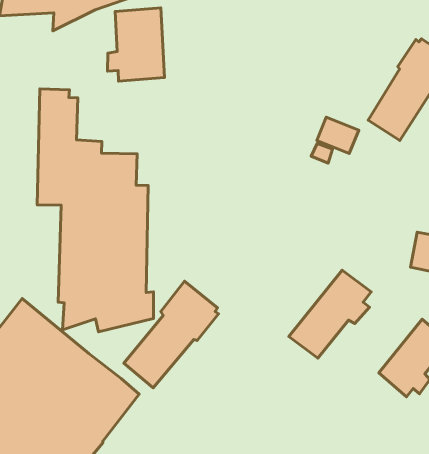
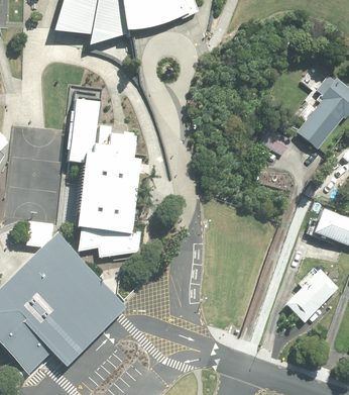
building: [108,8,164,81] -> none
building: [289,270,371,358] -> none
building: [124,281,219,388] -> none

